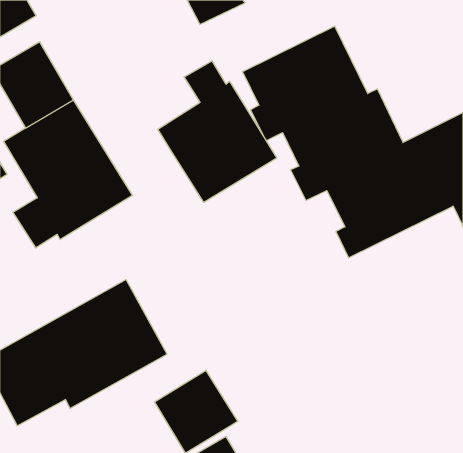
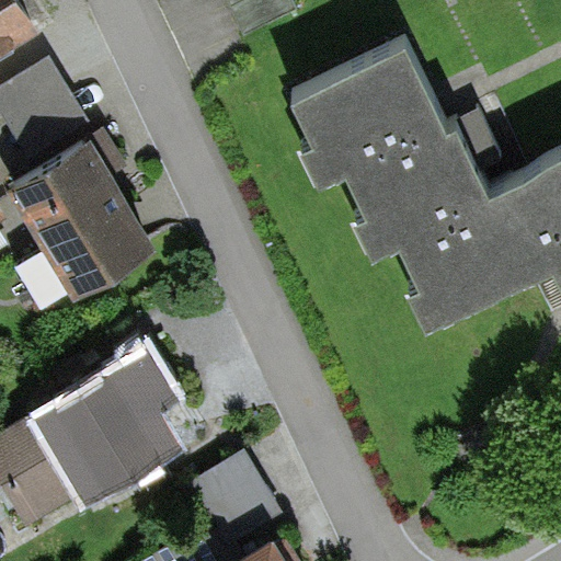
building: [158,61,277,202] -> none

